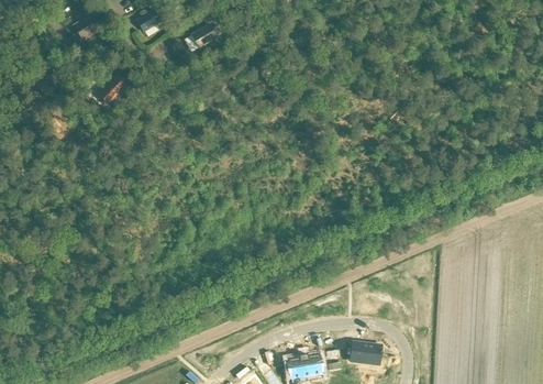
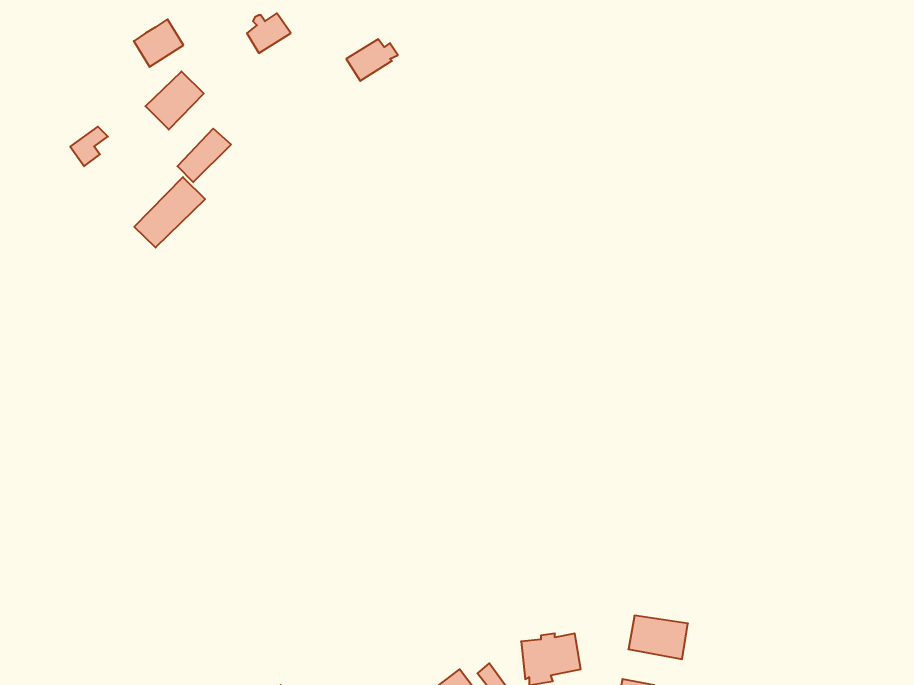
building: none -> [145,71,204,130]
building: none -> [134,177,205,248]

